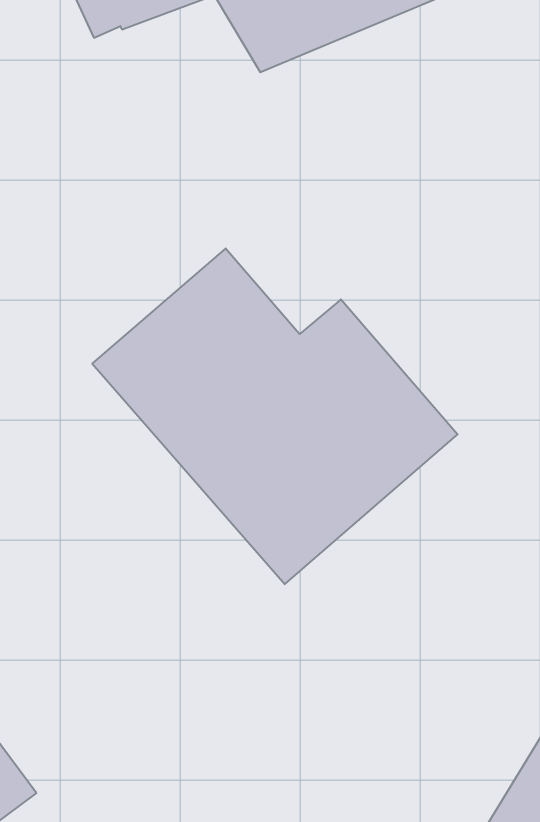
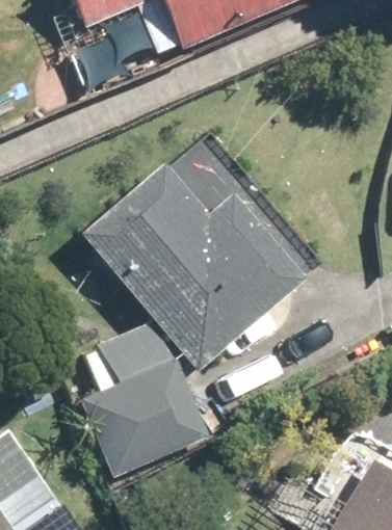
building: none -> [87,356,215,475]

